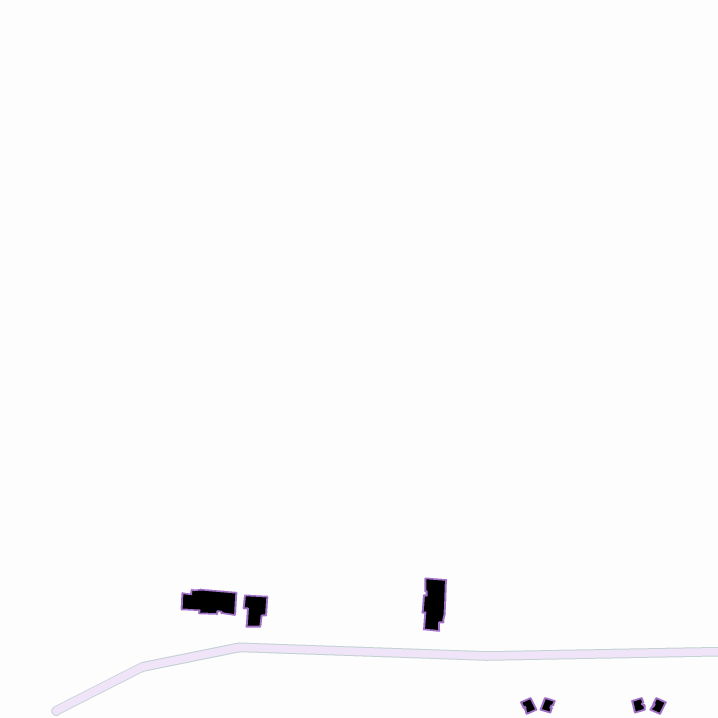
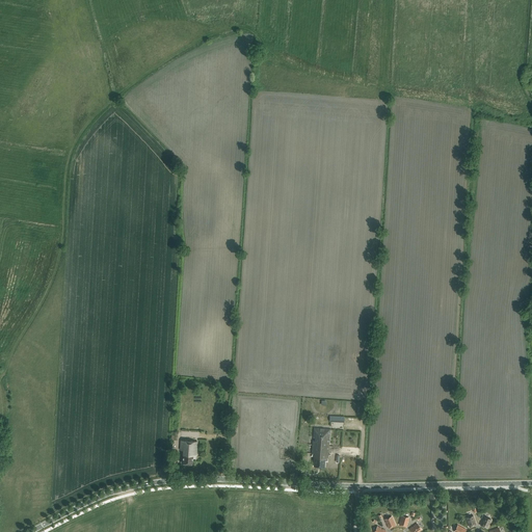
building: [182,589,236,615] -> none

